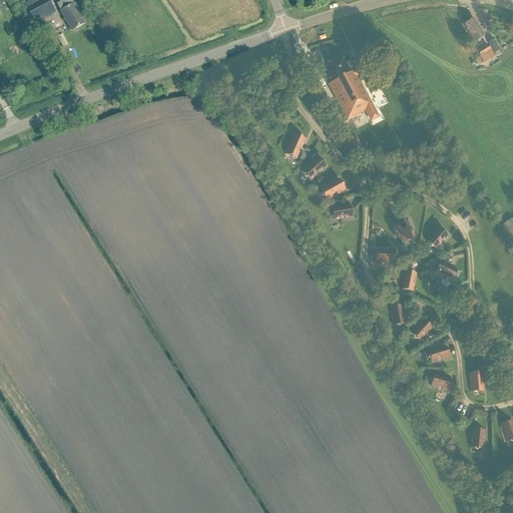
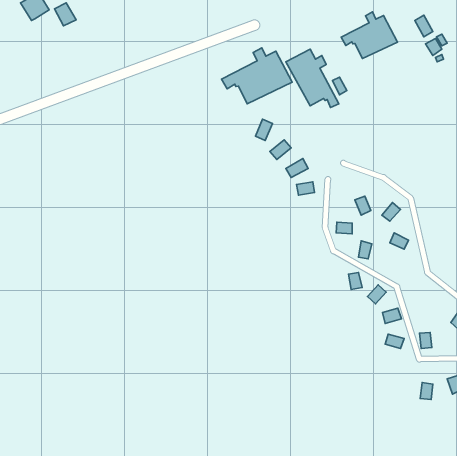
building: none -> [341,12,397,59]
building: none -> [222,48,292,104]

